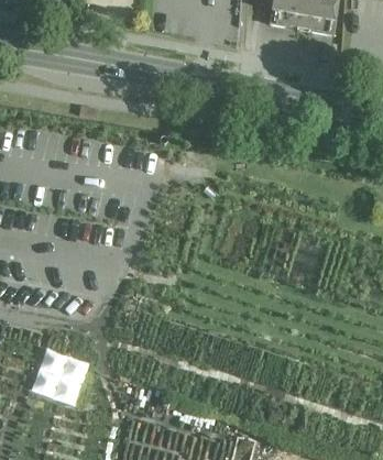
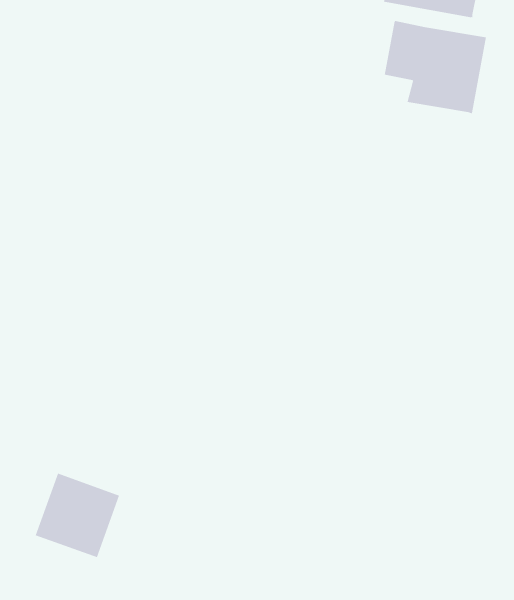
building: none -> [384,20,486,114]

